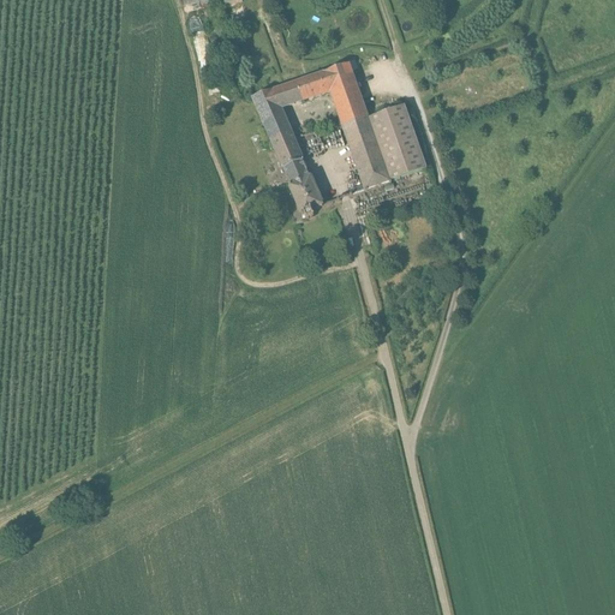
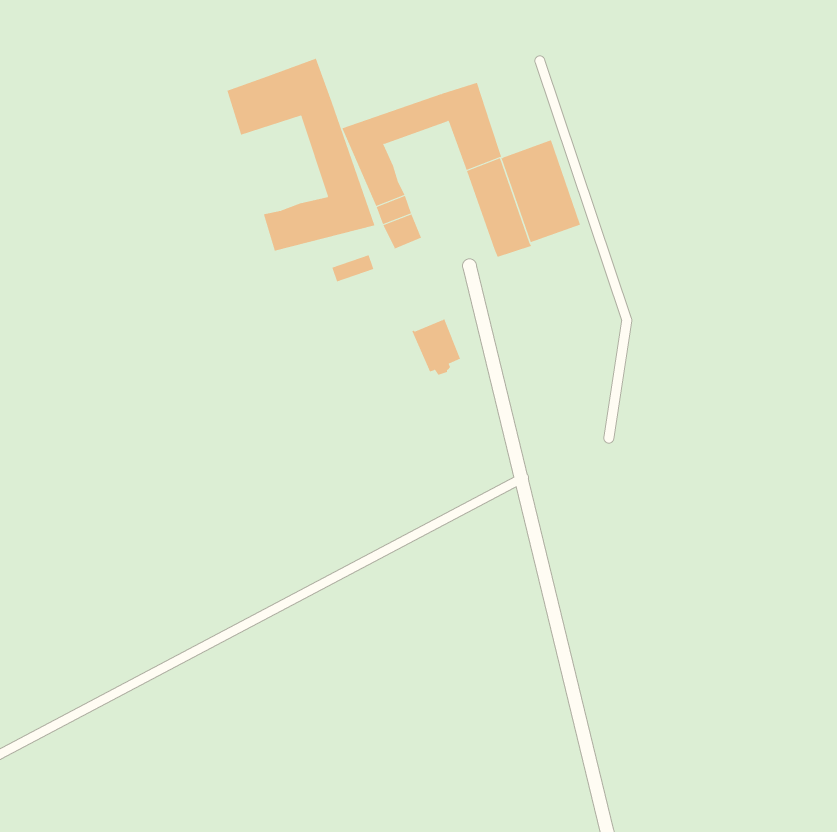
building: none -> [226,58,375,251]
building: [286,173,322,215] -> [412,318,461,375]

